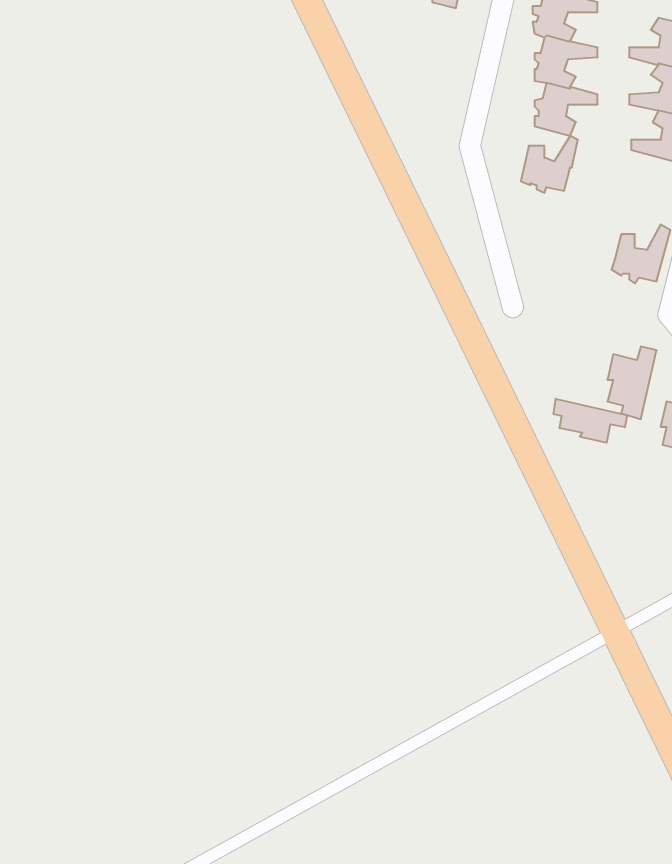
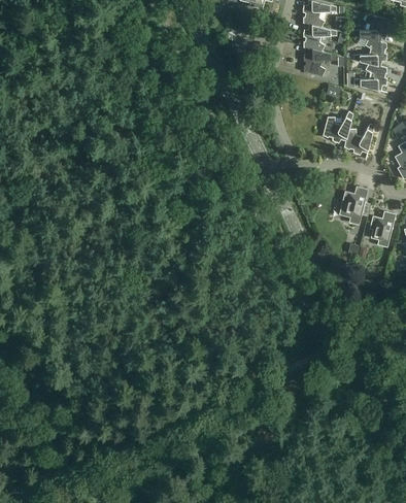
building: [521,136,578,193] -> [323,111,352,141]
building: [554,399,627,443] -> none

